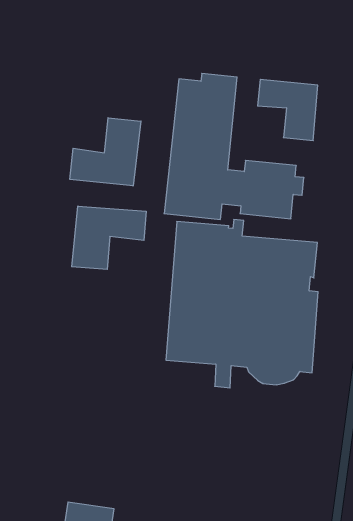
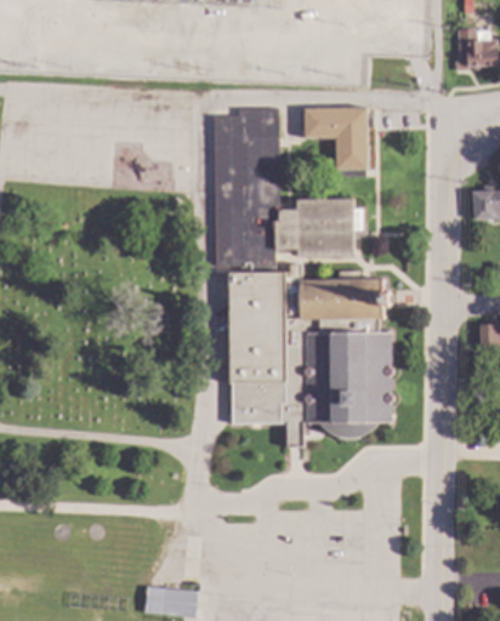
building: [70,118,141,186] -> none
building: [72,206,146,269] -> none

